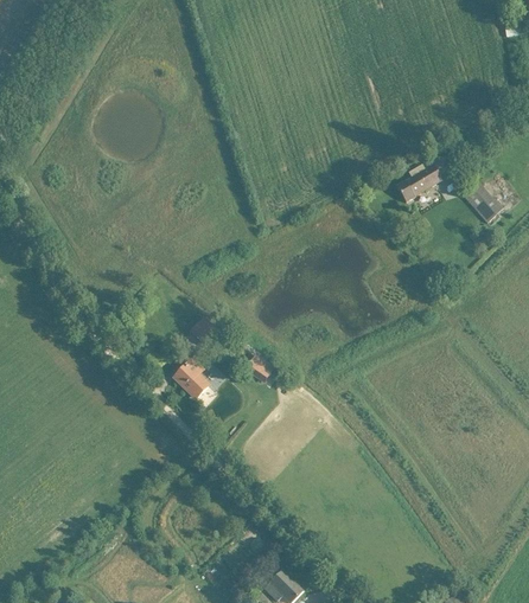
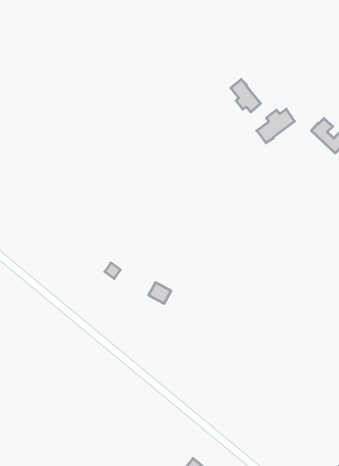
building: none -> [231,79,261,112]
building: [176,359,210,398] -> none

